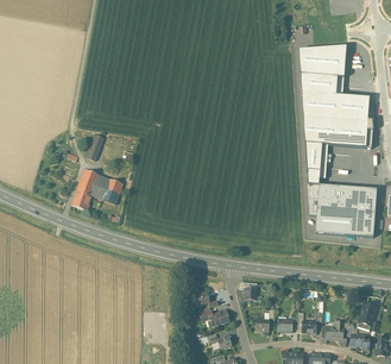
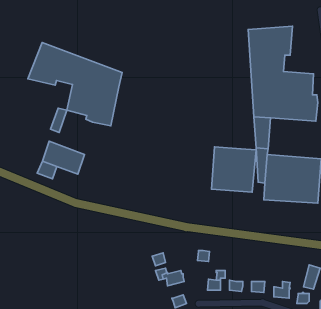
building: none -> [28,42,122,126]
building: none -> [212,147,256,192]

